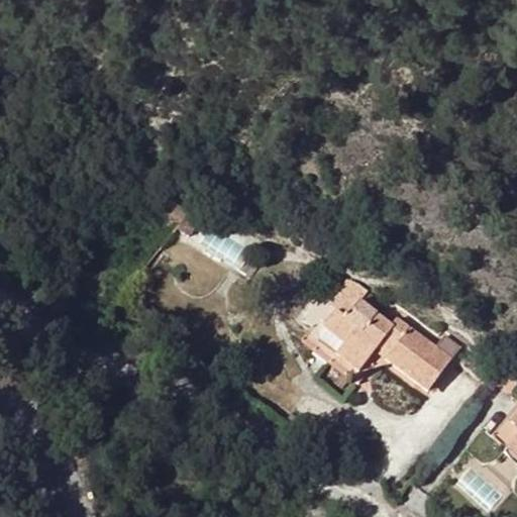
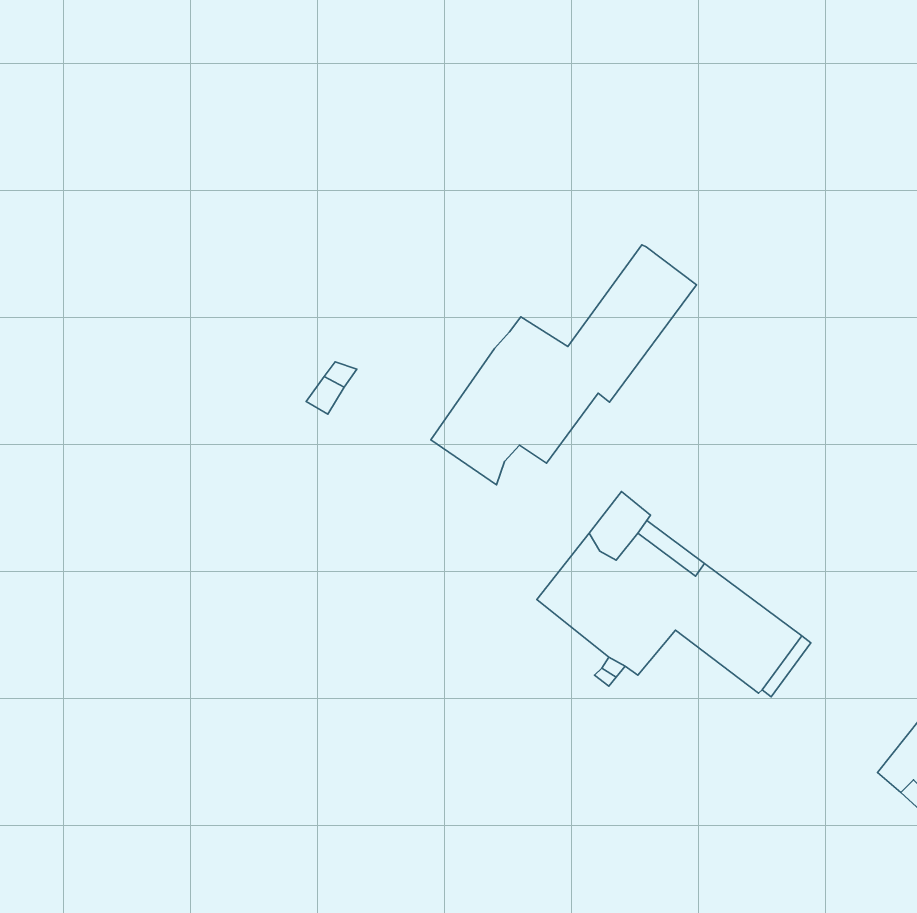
building: none -> [431,245,697,485]

